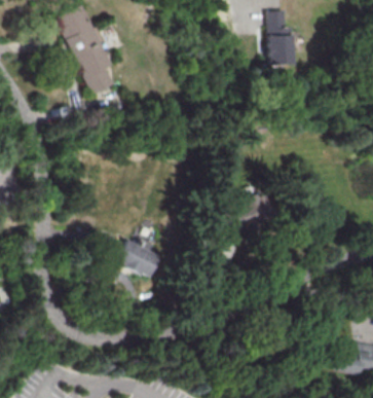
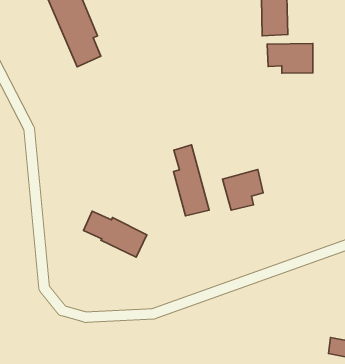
building: none -> [267,43,313,73]
building: none -> [174,145,209,216]

